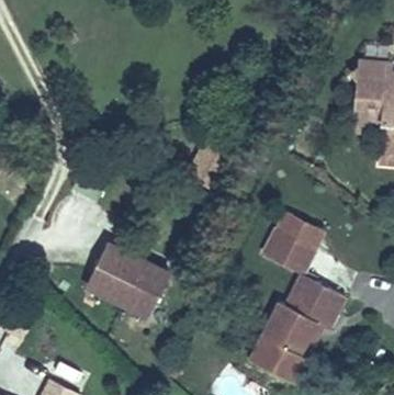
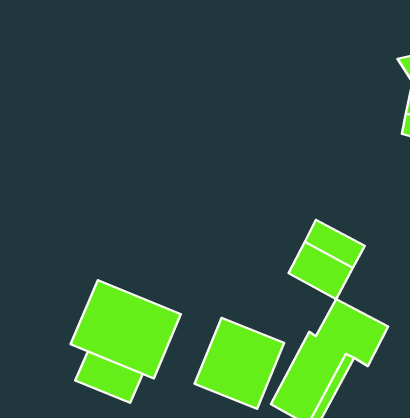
building: none -> [195,318,284,409]
building: none -> [75,351,143,403]

